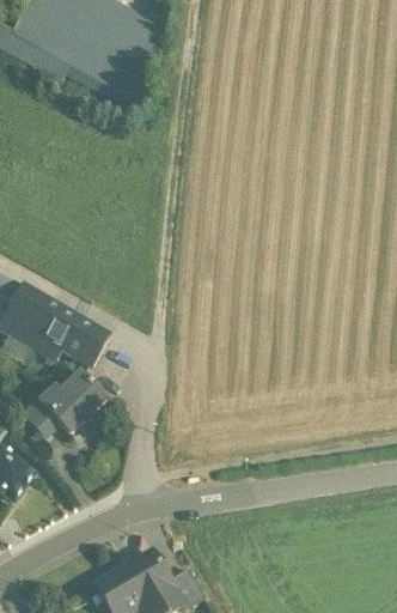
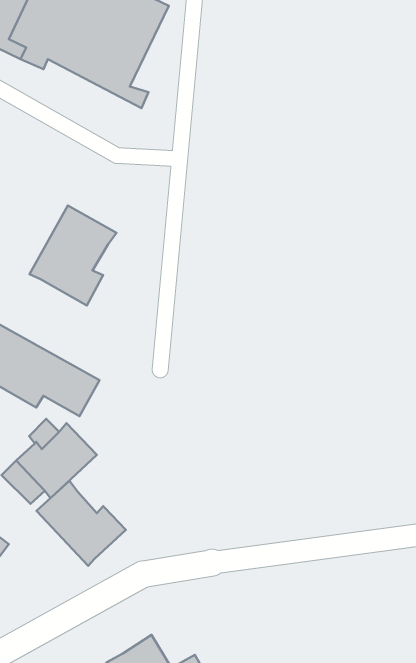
building: none -> [30,205,116,305]
building: none -> [37,481,126,566]

